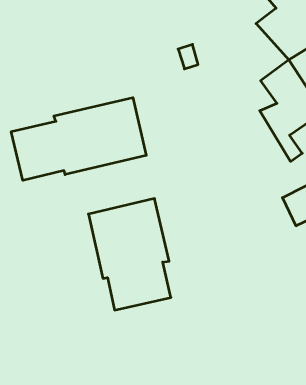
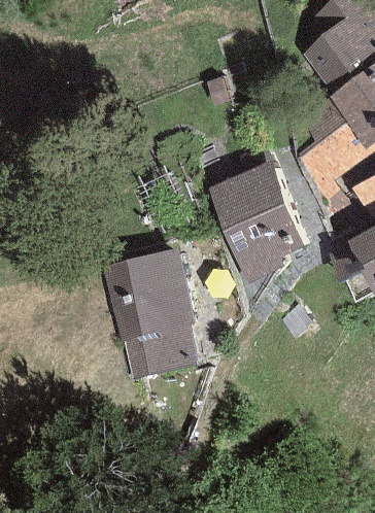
building: [11,98,146,180] -> none
building: none -> [207,160,310,282]

